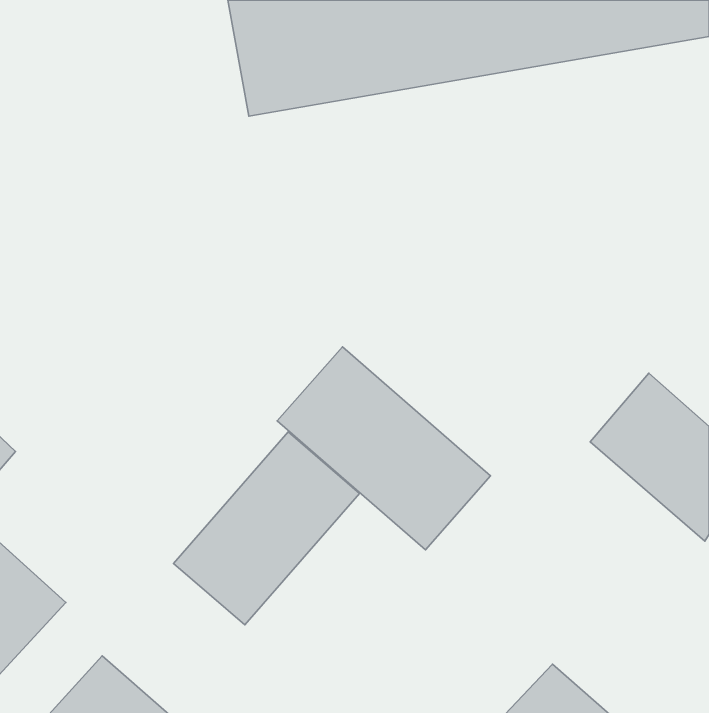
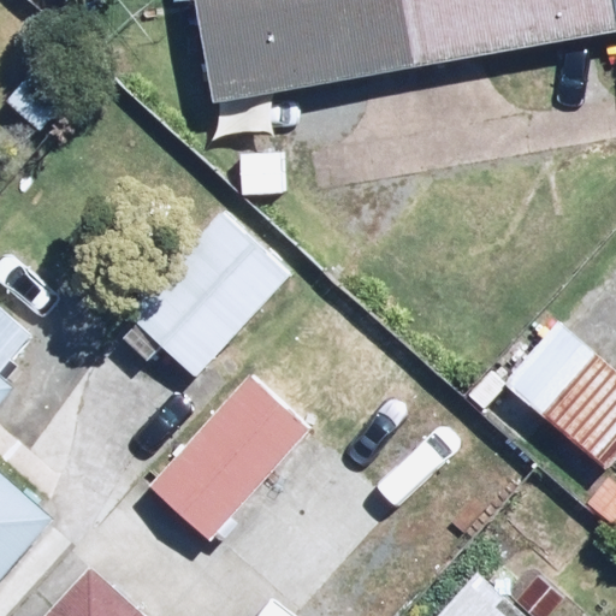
building: none -> [125,213,290,379]
building: [277,347,491,550] -> none

